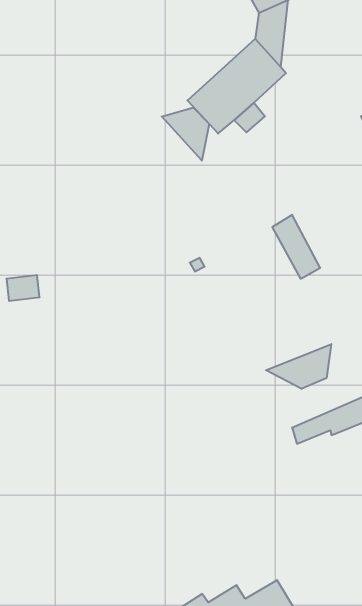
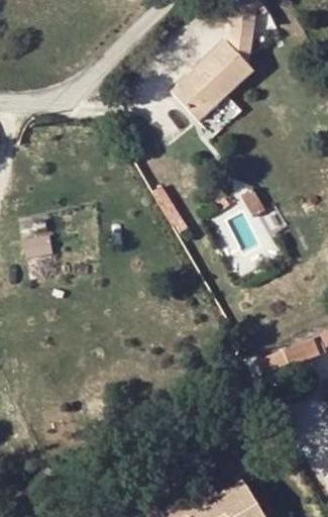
building: [162,108,209,161] -> none
building: [266,344,331,389] -> none

